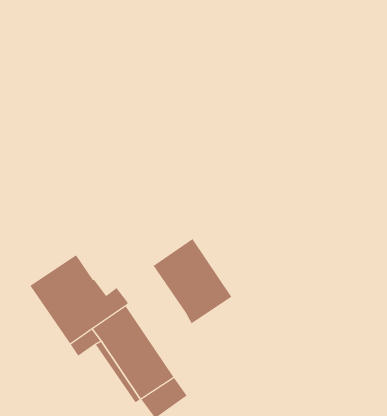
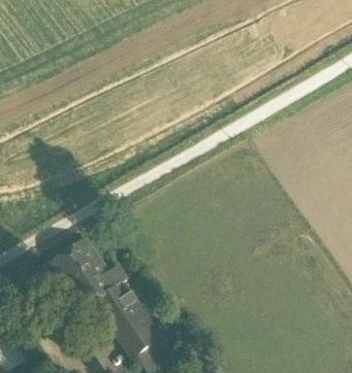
building: [153,238,232,324] -> none

